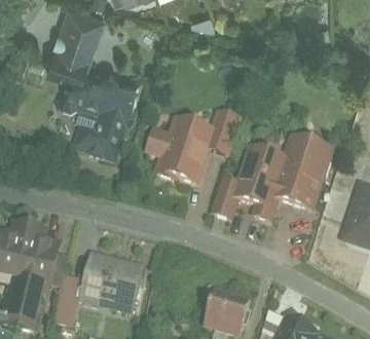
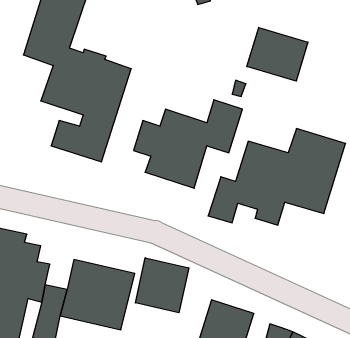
building: none -> [247,27,308,81]
building: none -> [135,258,189,313]

